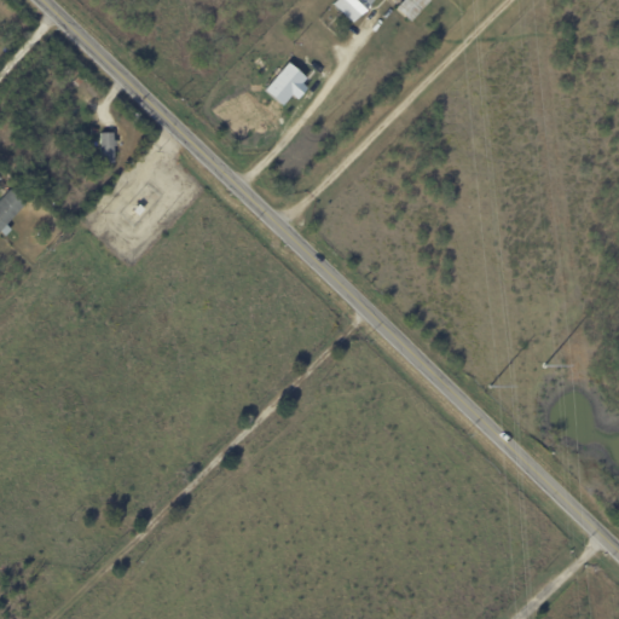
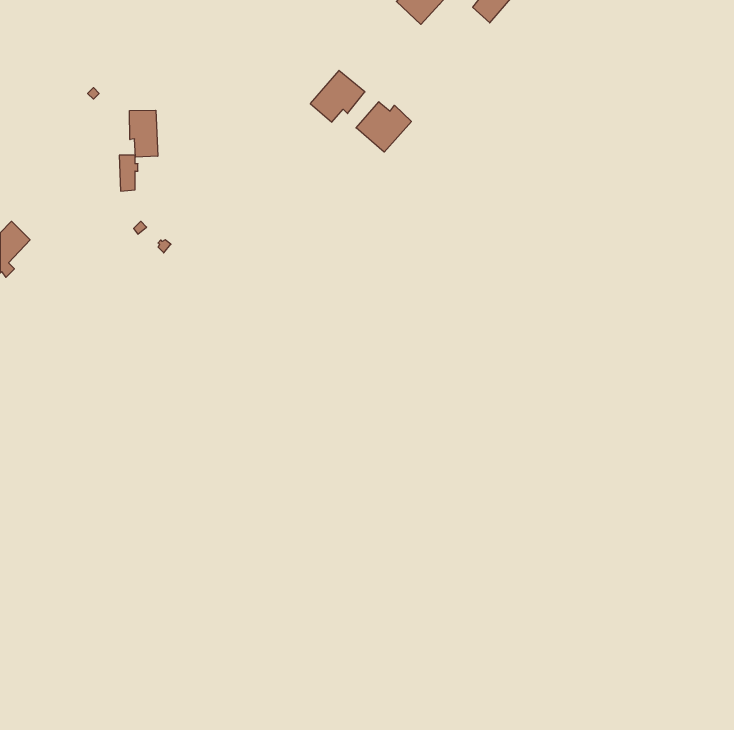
building: none -> [356,102,411,152]
building: none -> [130,110,158,157]

